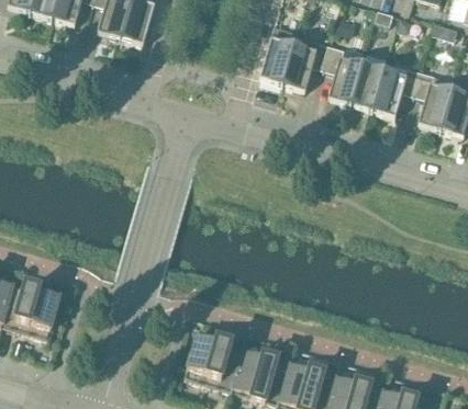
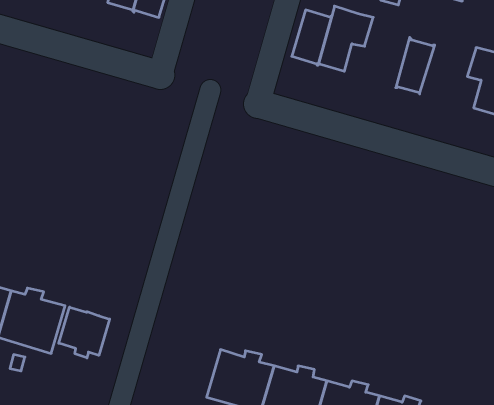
building: [323,44,363,105] -> none
building: [371,66,421,116] -> none
building: none -> [59,307,110,358]

